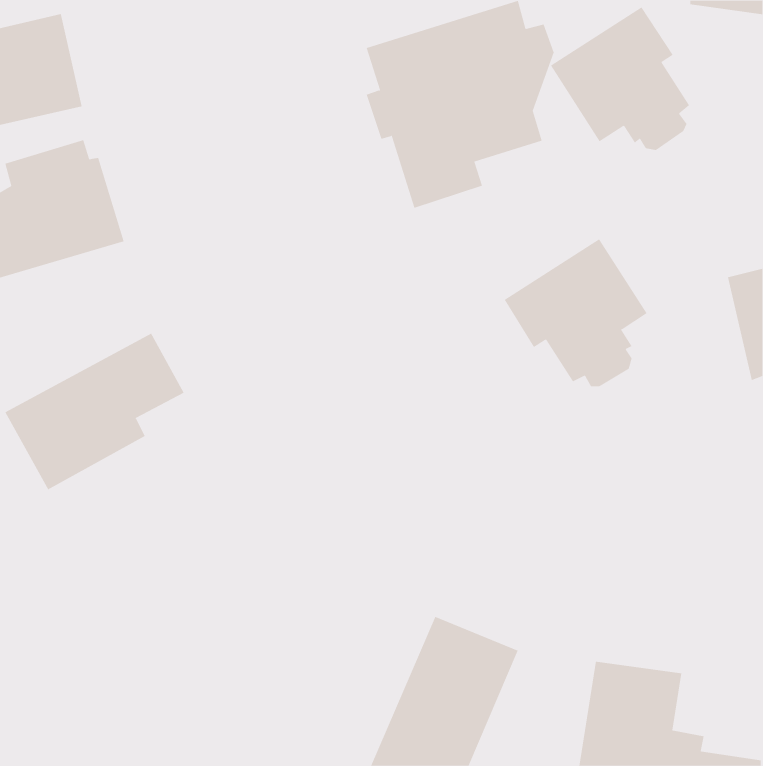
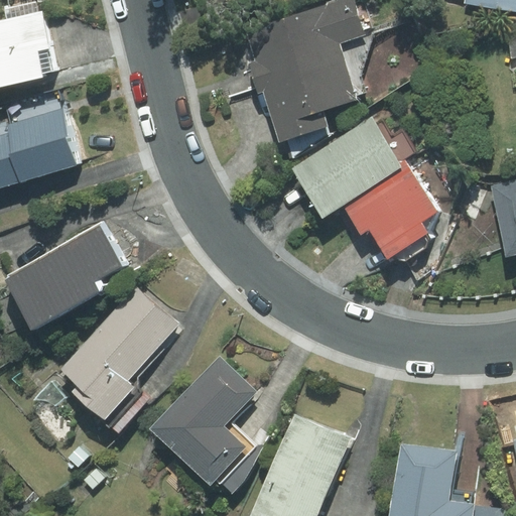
building: [550,6,690,151] -> none
building: none -> [293,119,415,213]
building: none -> [59,286,180,429]
building: none -> [148,356,259,492]

